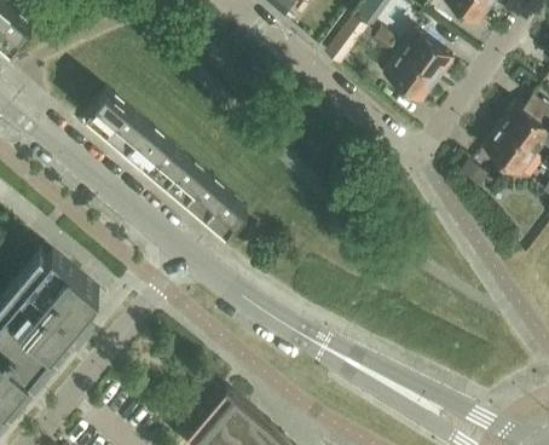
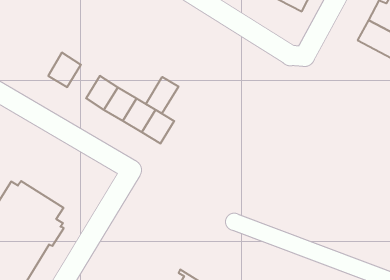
building: [83,89,125,132] -> none
building: [125,125,166,166] -> none
building: none -> [146,77,178,113]

